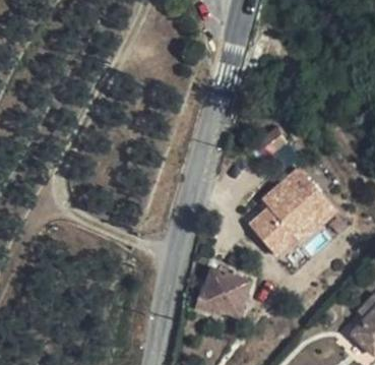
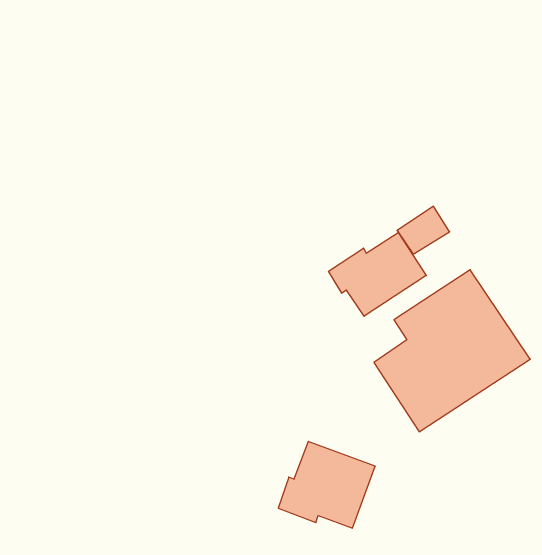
building: none -> [329,232,426,316]

